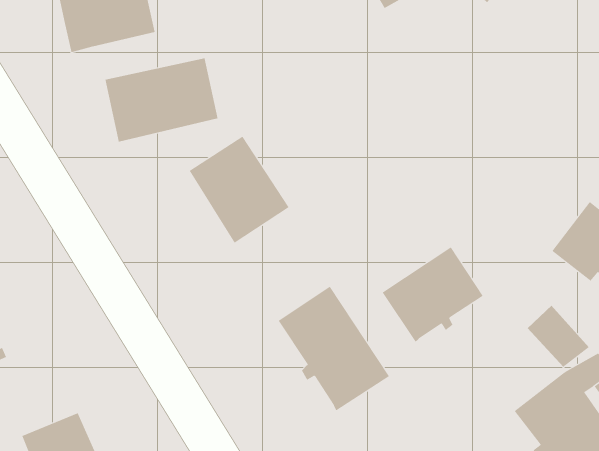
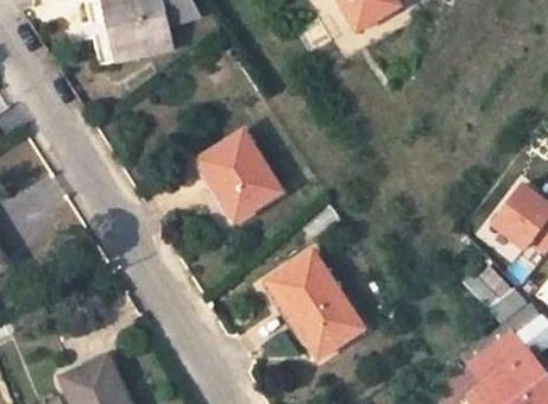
building: [105,58,218,142] -> none
building: [382,247,484,343] -> none

